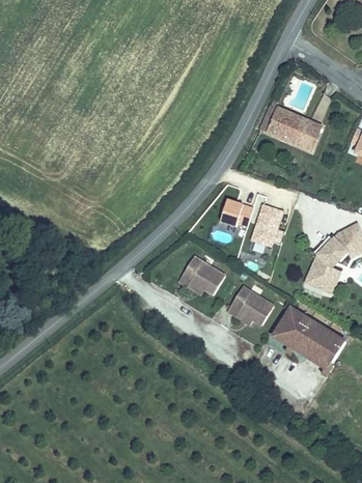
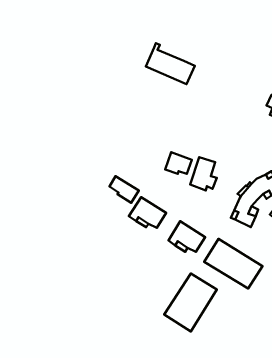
building: [260,100,322,150] -> [146,43,195,84]
building: none -> [110,176,139,203]
building: none -> [164,273,217,331]

